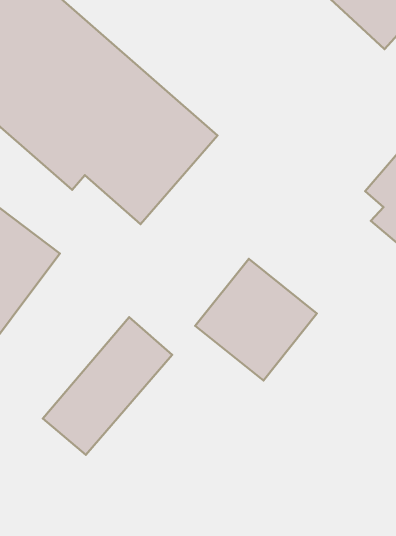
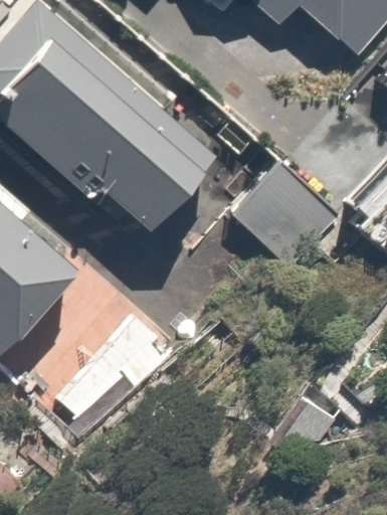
building: [195,259,317,380] -> [227,155,335,263]

